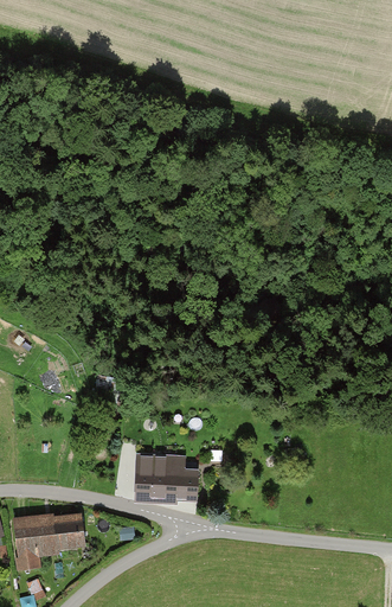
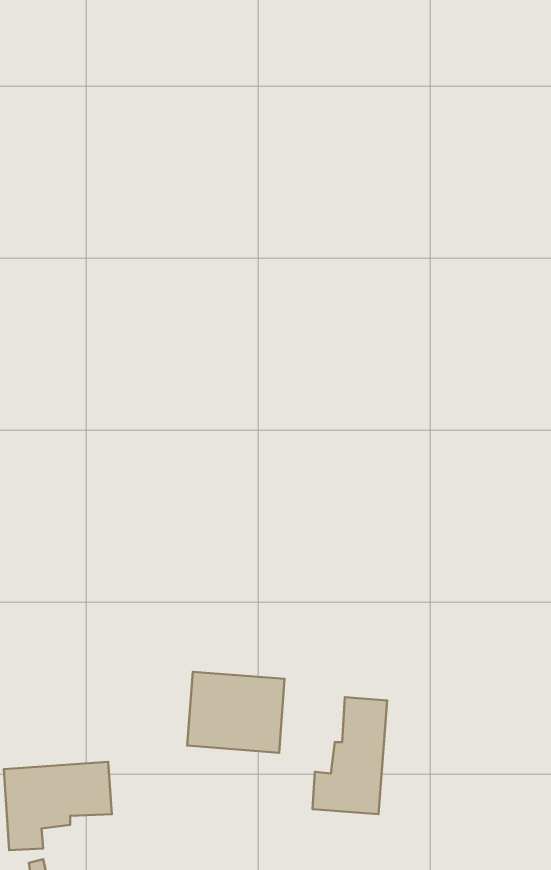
building: none -> [312,697,387,814]

